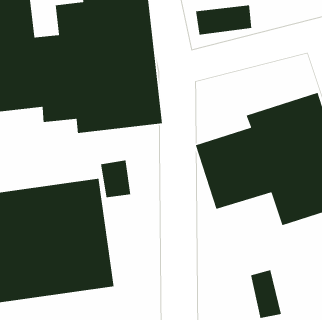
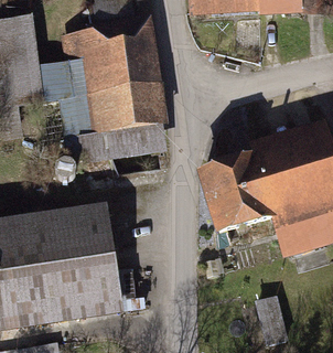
building: [195,5,252,36] -> none
building: [100,159,131,198] -> none

